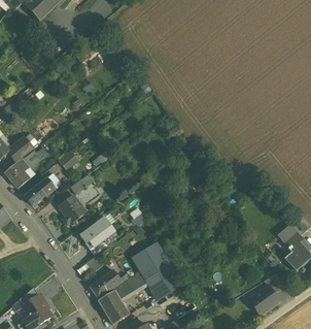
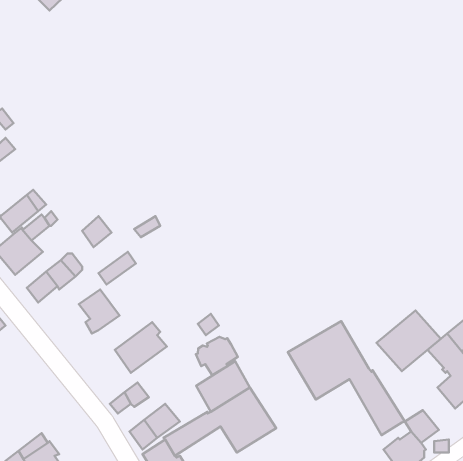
building: none -> [376,310,441,371]
building: none -> [288,321,405,435]
building: none -> [196,337,238,375]

